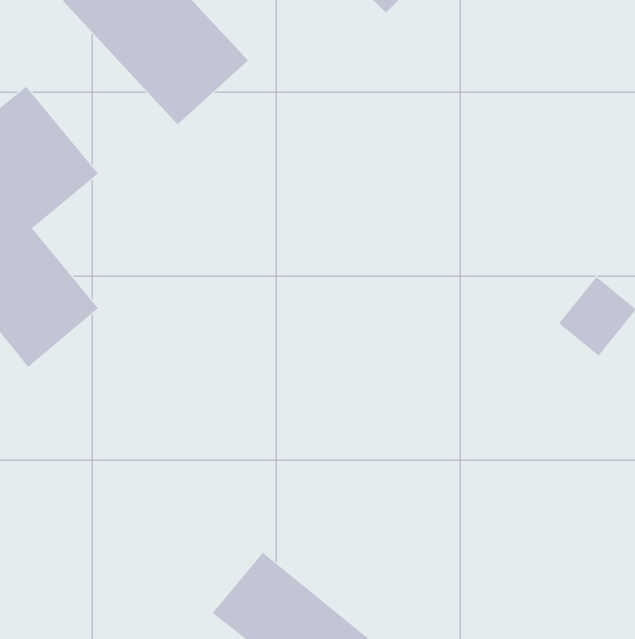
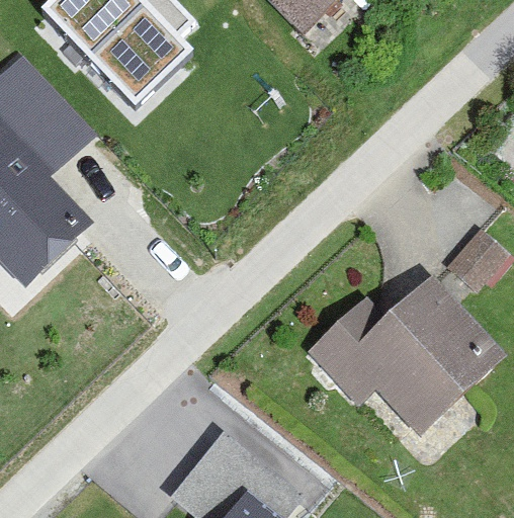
building: none -> [315,281,482,439]

